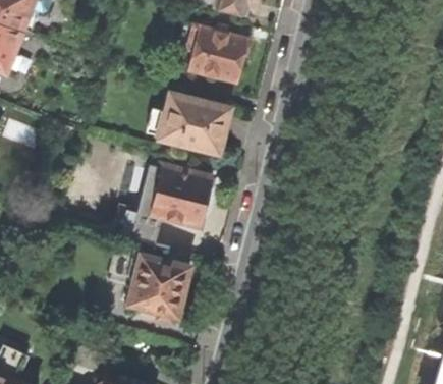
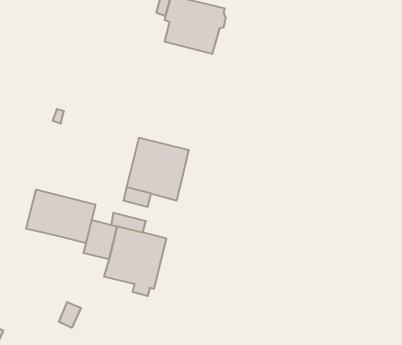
building: [160,94,231,153] -> none
building: none -> [26,190,95,243]

